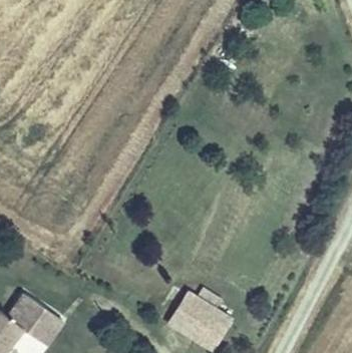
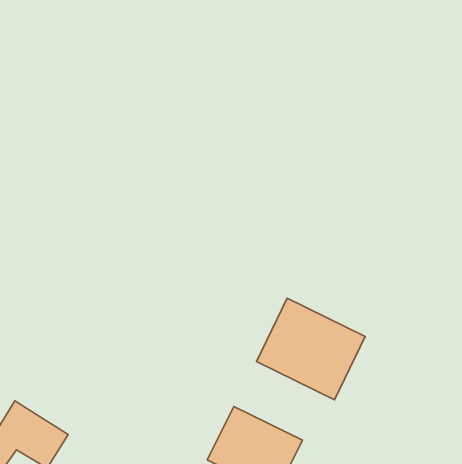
building: none -> [257,298,365,400]

